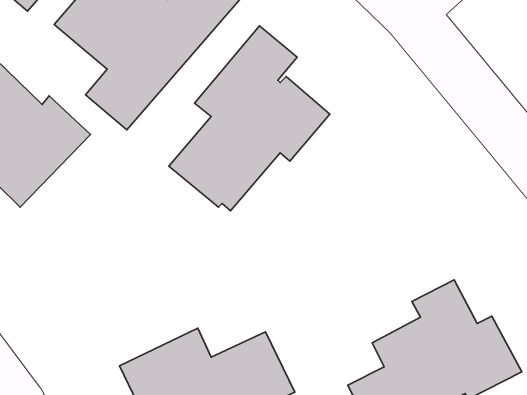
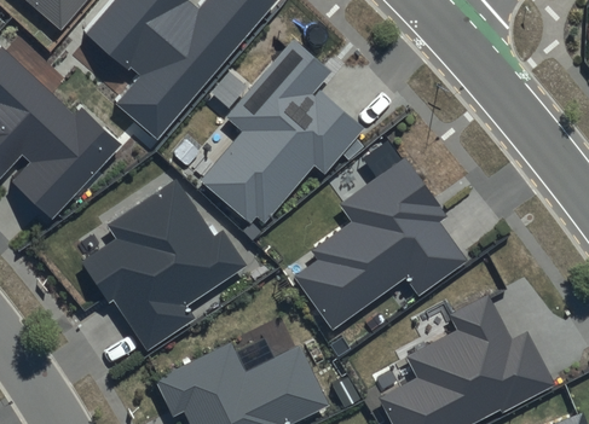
building: none -> [294,155,466,329]
building: none -> [79,179,244,345]

